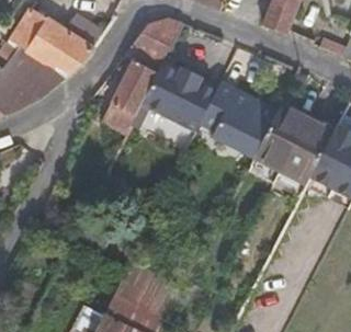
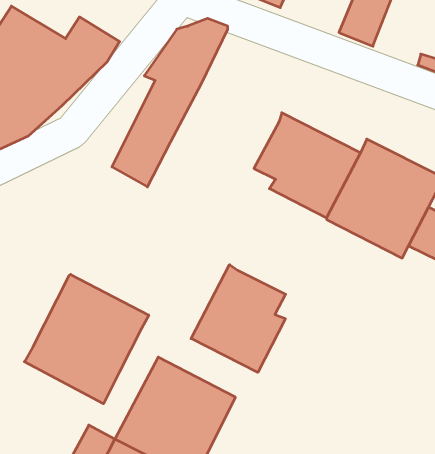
building: [143,62,219,133] -> none
building: none -> [191,265,286,372]
building: none -> [24,274,149,404]

